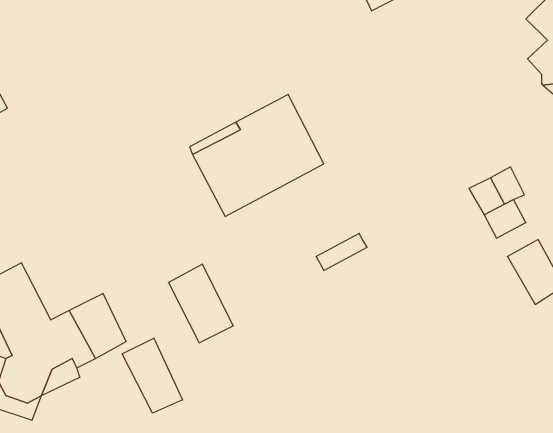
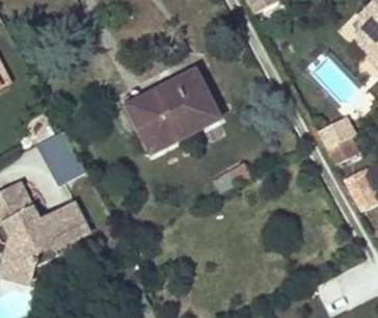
building: [168,264,233,343] -> [40,130,84,183]
building: [122,338,183,413] -> none

